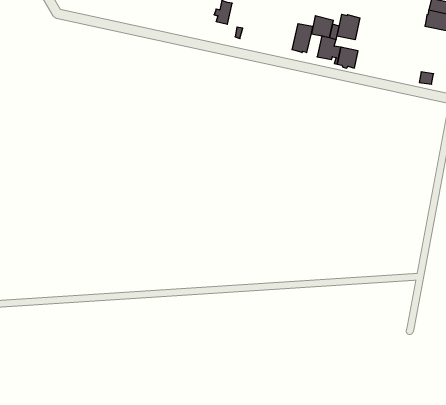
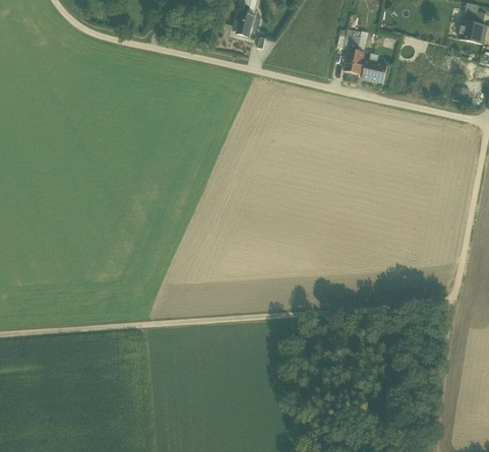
building: [337,14,360,40] -> none
building: [292,24,313,53] -> none

